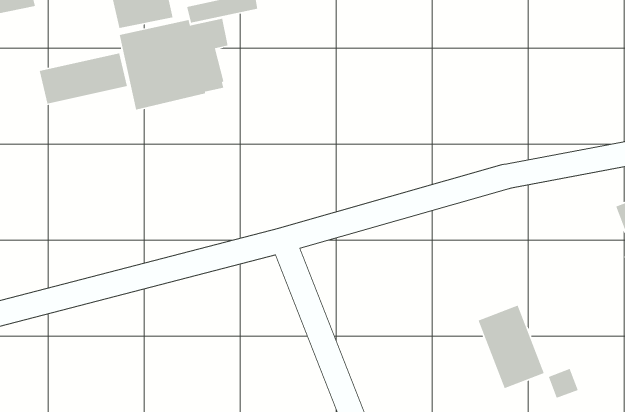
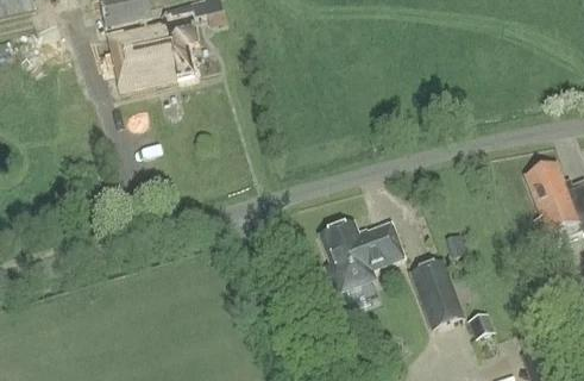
building: [39,53,128,104] -> none
building: none -> [320,224,403,294]

